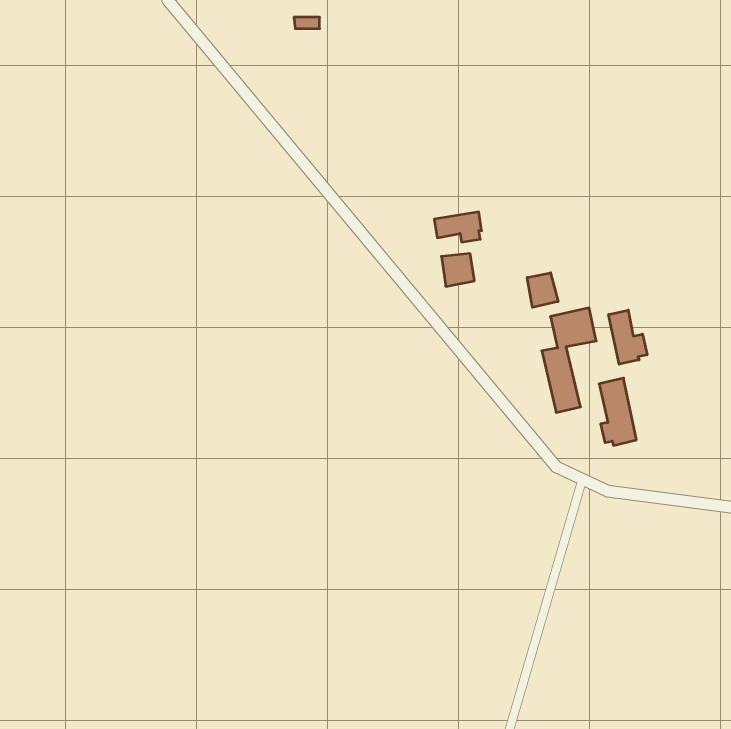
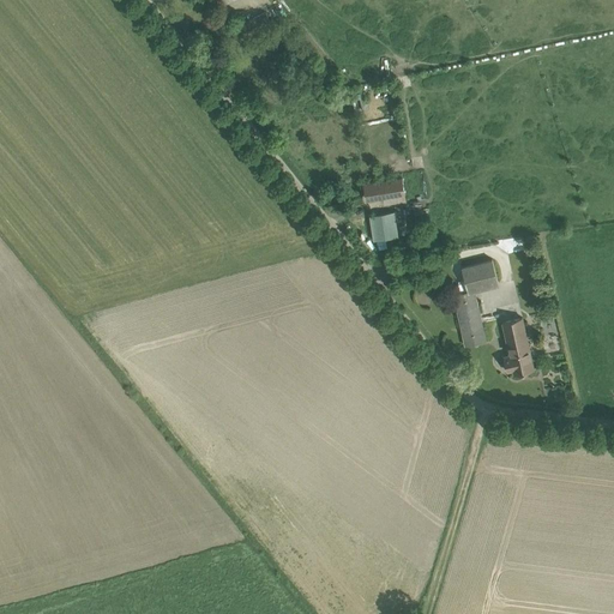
building: [527,273,558,307] -> none
building: [609,310,647,364] -> none

